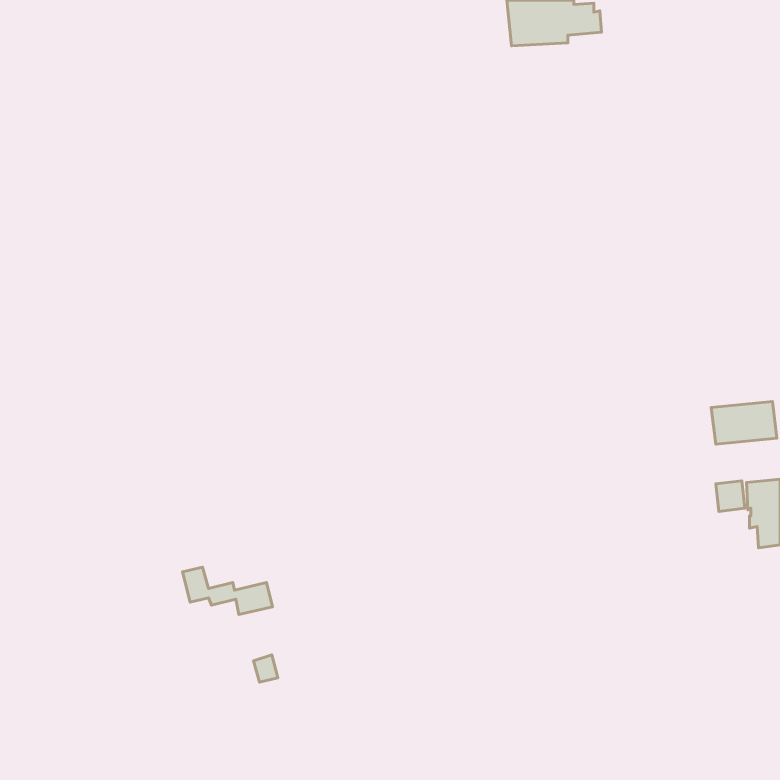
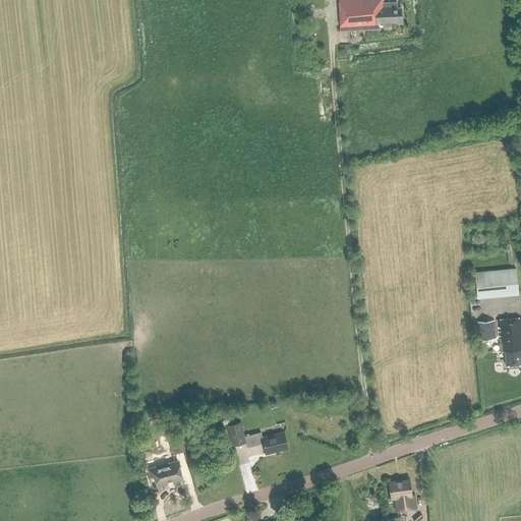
building: [183,567,273,614] -> [228,422,288,454]
building: none -> [149,461,183,486]
building: none -> [389,480,415,512]

